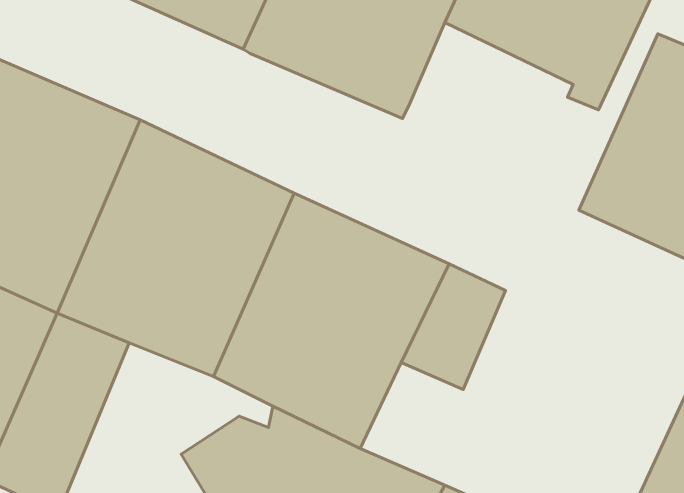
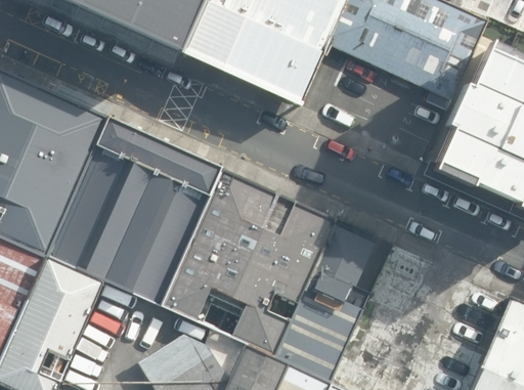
building: none -> [270,294,358,383]

